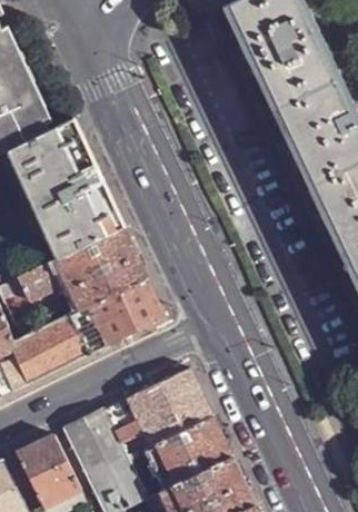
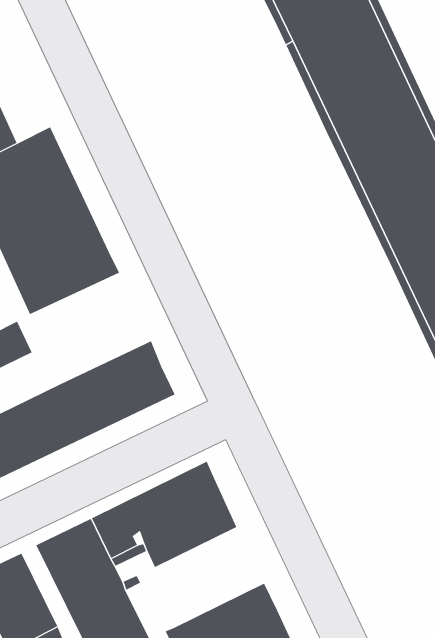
building: [56,226,148,308] -> none
building: [143,414,231,489] -> none

